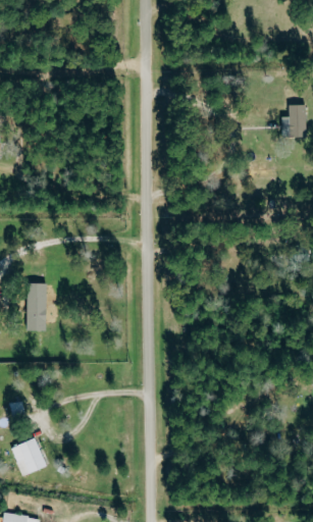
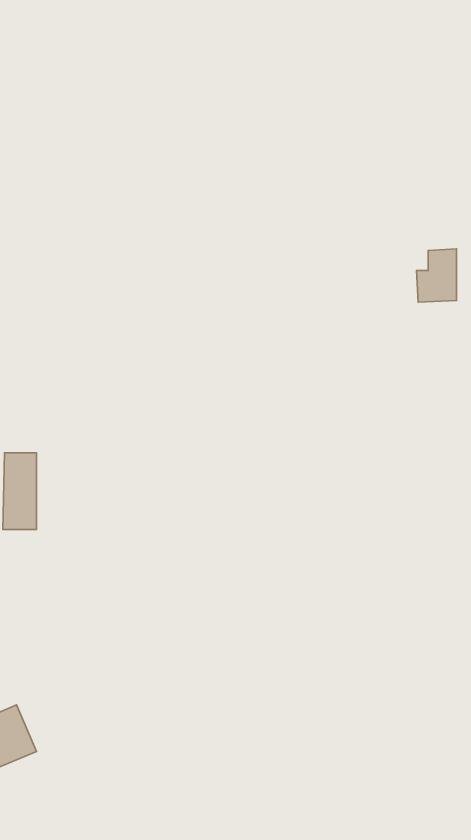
building: [281,104,306,137] -> [416,249,457,302]

